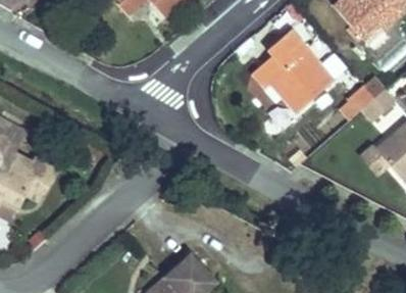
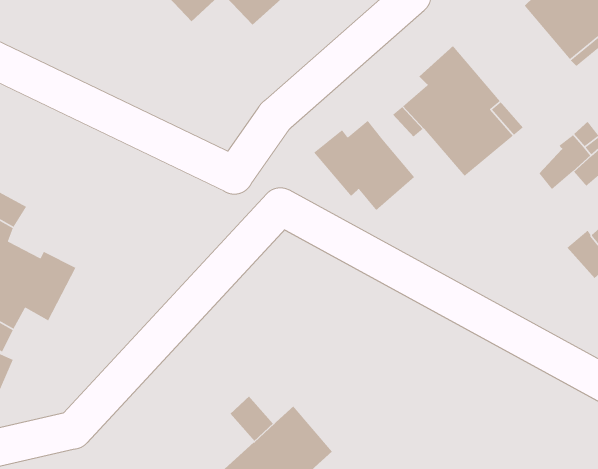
building: none -> [313,120,415,211]

